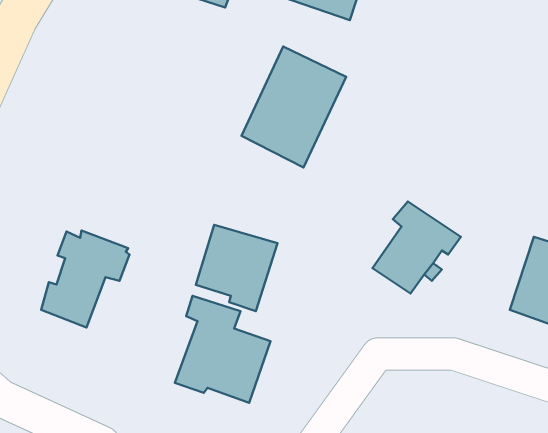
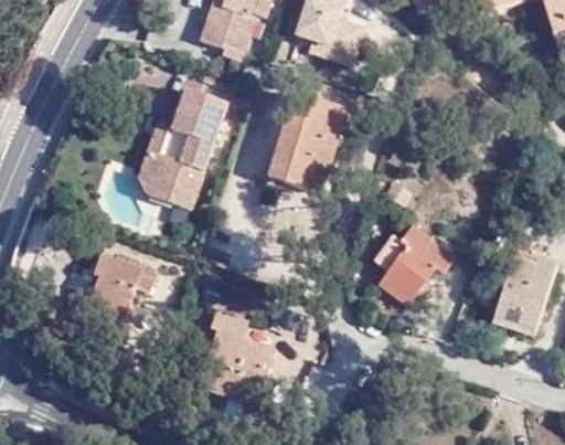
building: none -> [140,84,230,204]
building: [196,225,277,311] -> none

